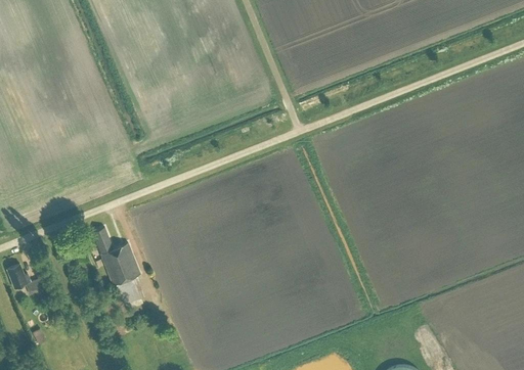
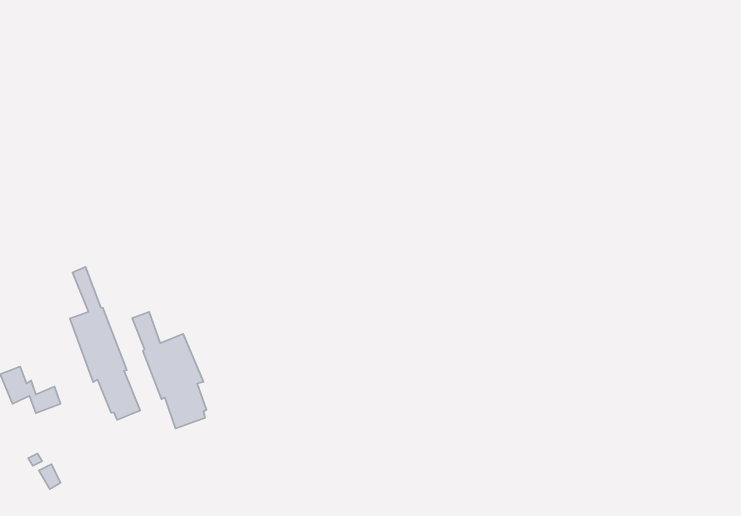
building: none -> [70,267,140,420]

